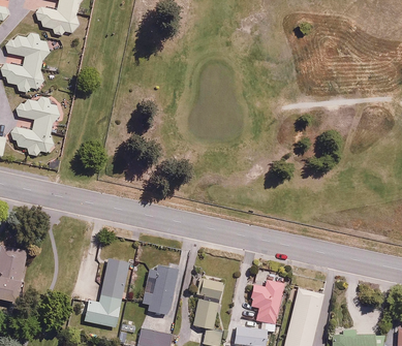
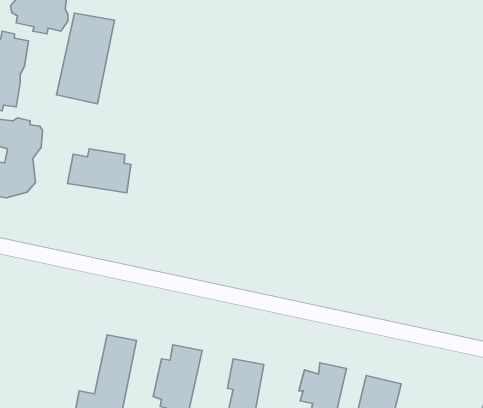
building: none -> [56,13,115,104]
building: none -> [68,149,131,193]

